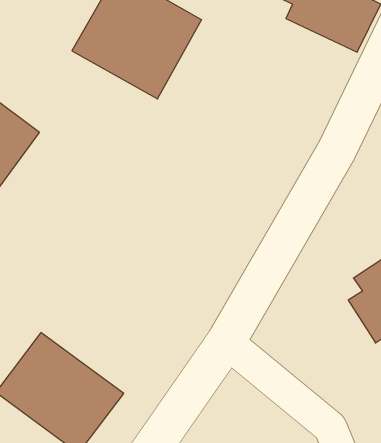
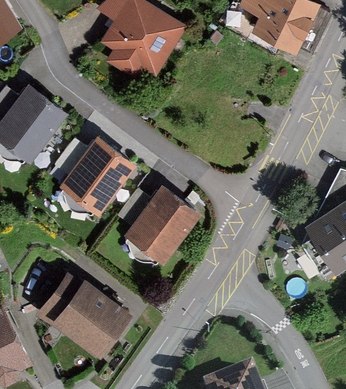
building: none -> [56,133,134,213]
building: none -> [121,182,198,262]

